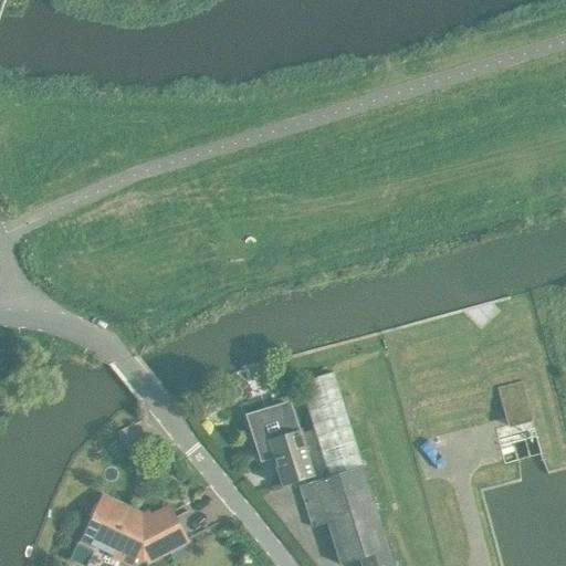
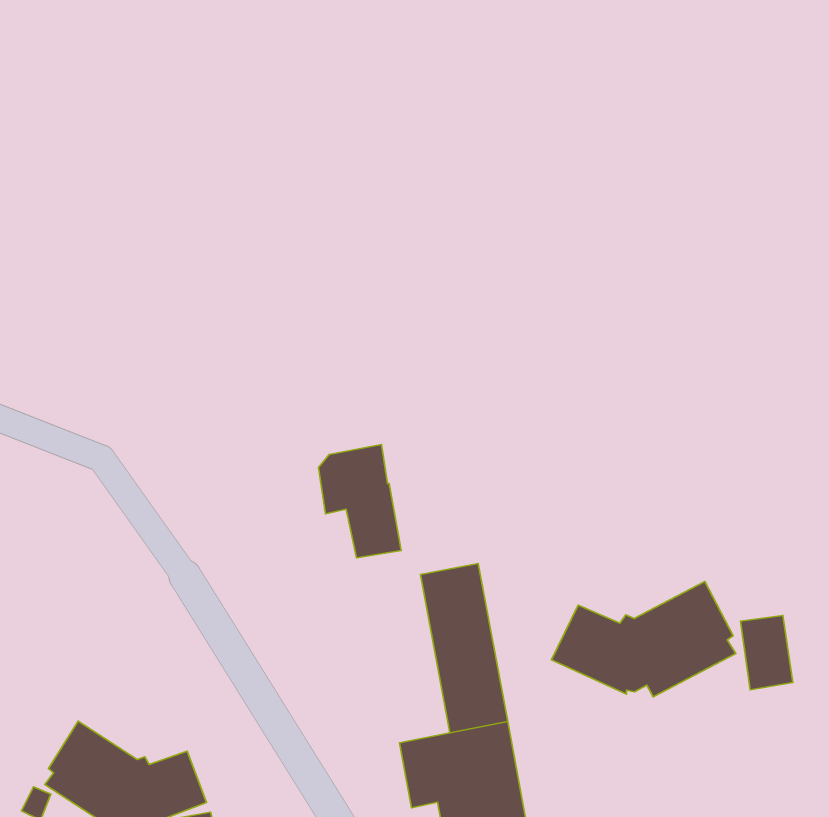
building: none -> [551,582,736,697]
building: [253,411,310,482] -> [319,444,401,558]

